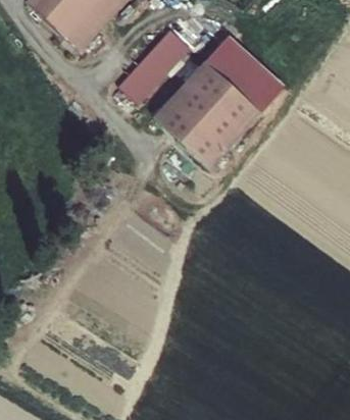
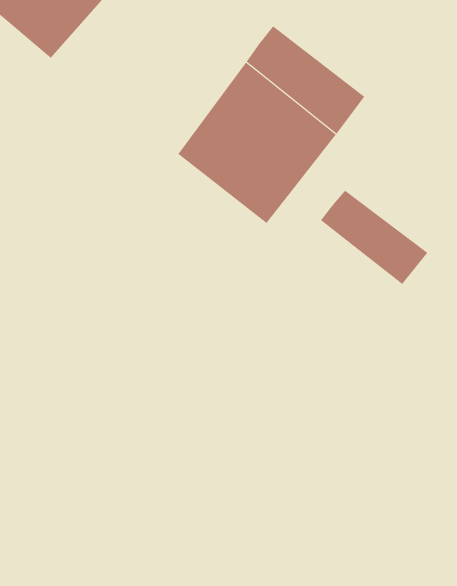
building: [119,24,191,100] -> none
building: none -> [320,190,428,285]

